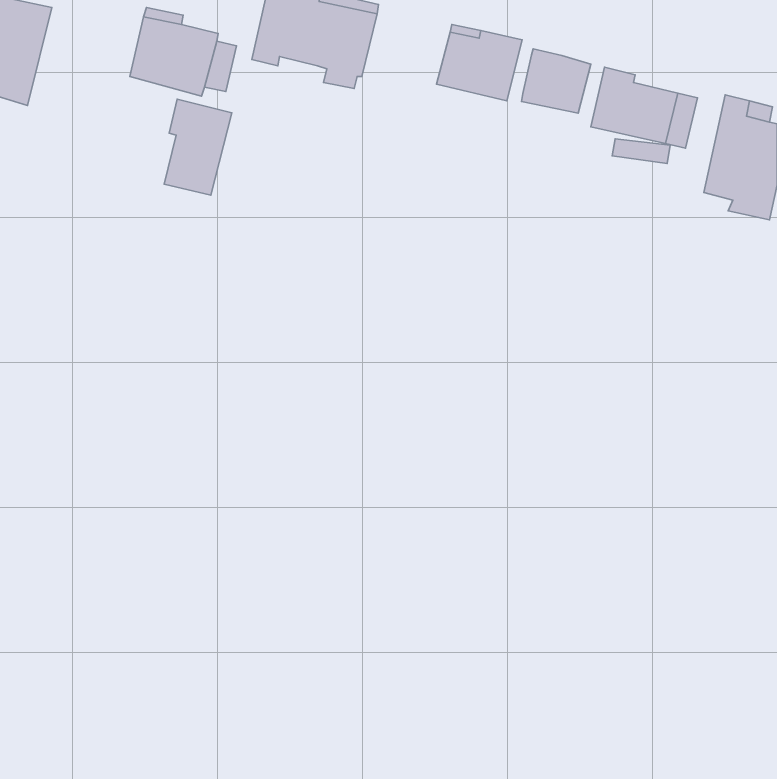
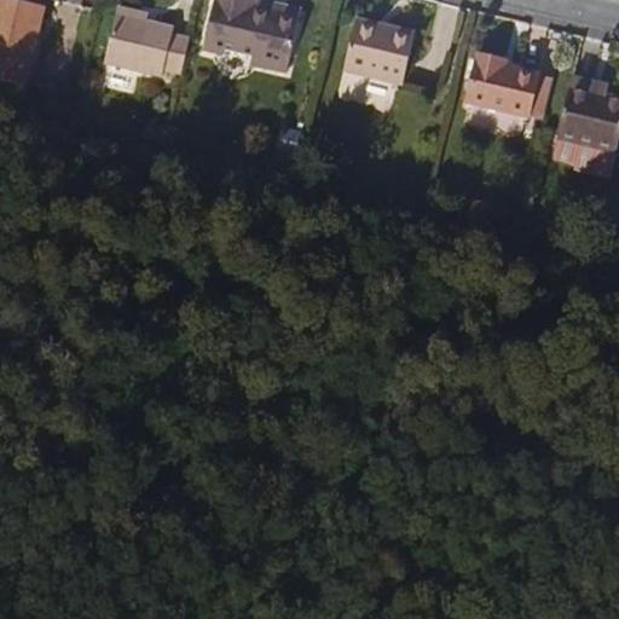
building: [521,49,591,113] -> none
building: [164,99,232,195] -> none

